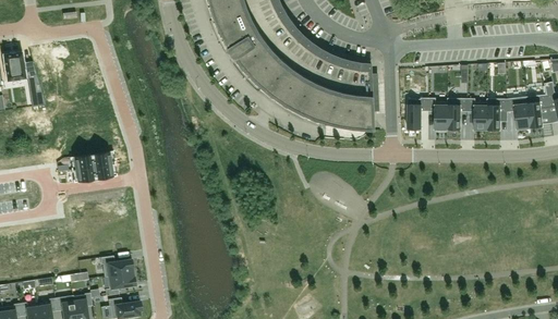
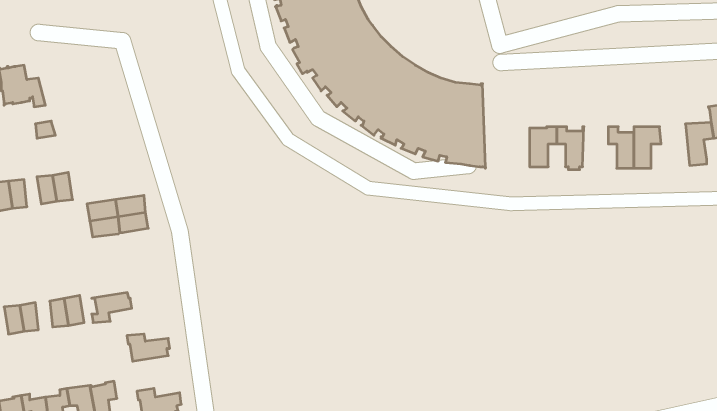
building: [505,96,527,128] -> none
building: [446,98,465,130] -> none
building: [102,272,133,295] -> [92,293,132,323]

